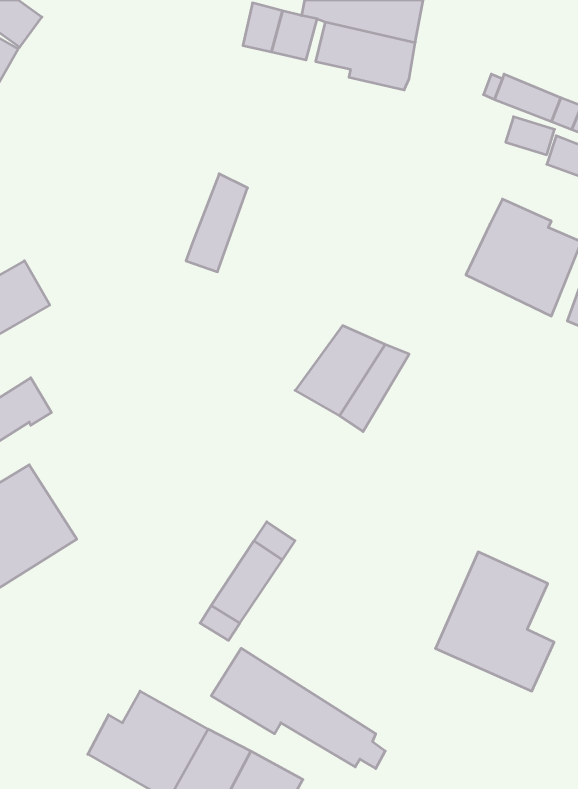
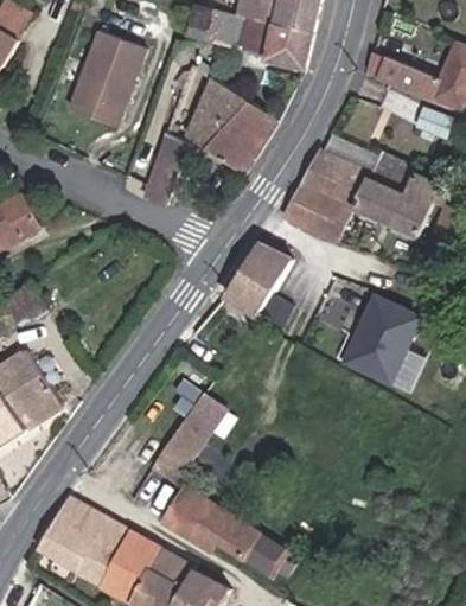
building: none -> [70,31,145,125]
building: none -> [185,77,275,173]
building: none -> [282,148,370,241]
building: [435,552,554,691] -> [336,288,424,393]
building: none -> [34,497,108,567]

